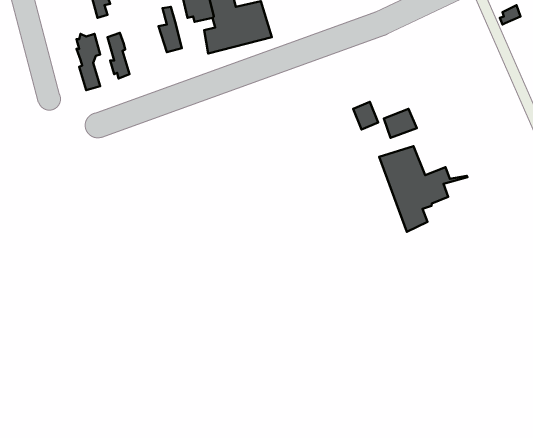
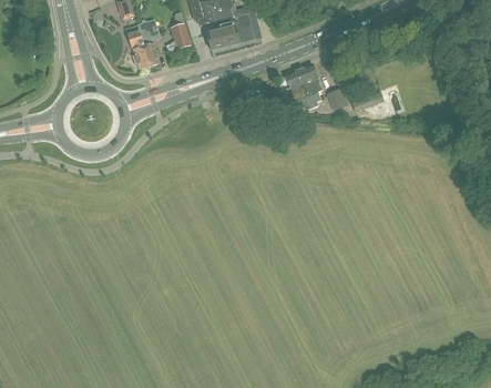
building: [77,34,100,90] -> [140,20,158,65]
building: none -> [286,64,320,108]
building: [379,146,468,232] -> none

